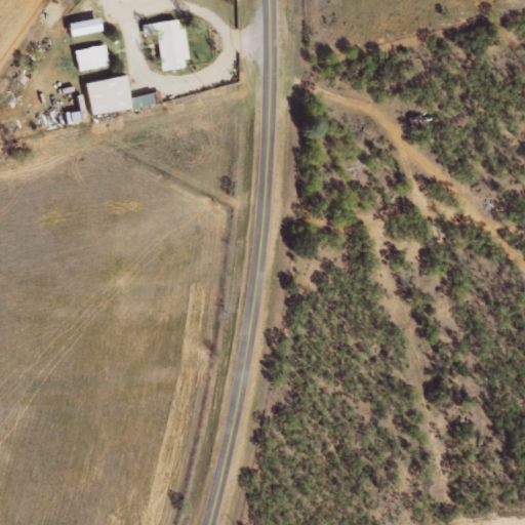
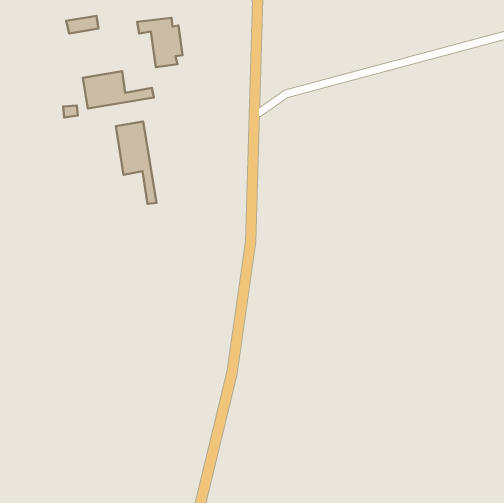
building: [75,43,110,71] -> none
building: none -> [116,122,156,204]

